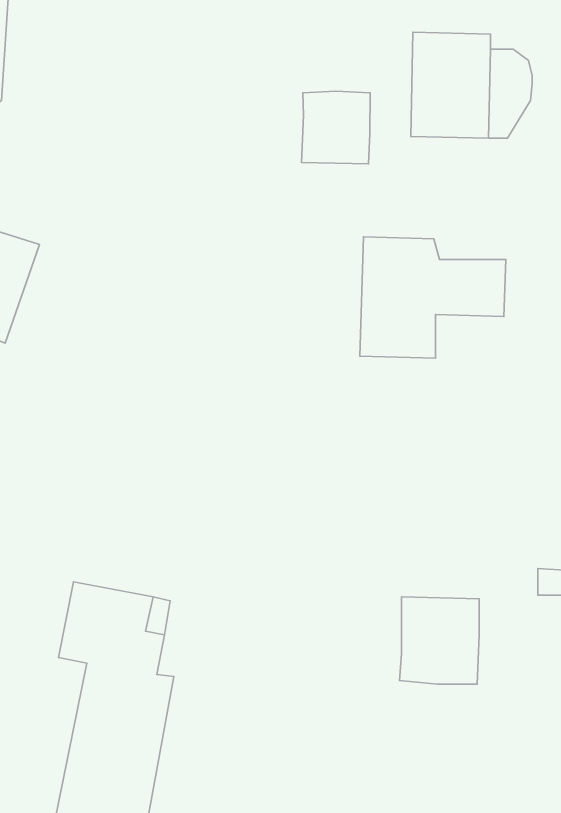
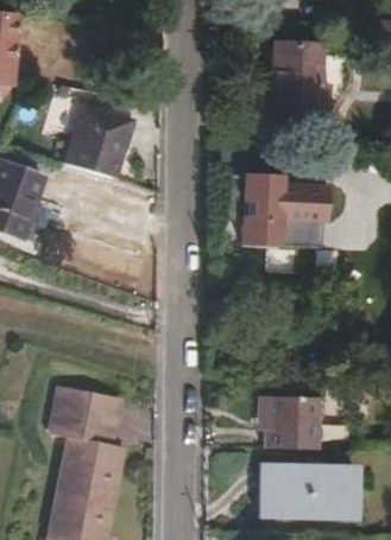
building: [302,91,370,164] -> none
building: none -> [67,107,131,180]
building: none -> [261,464,353,519]

